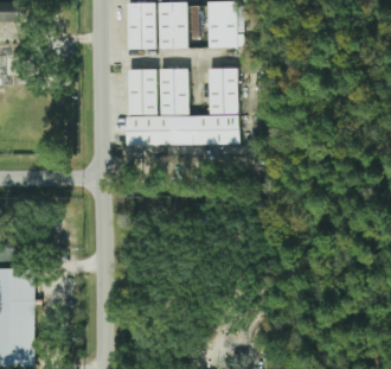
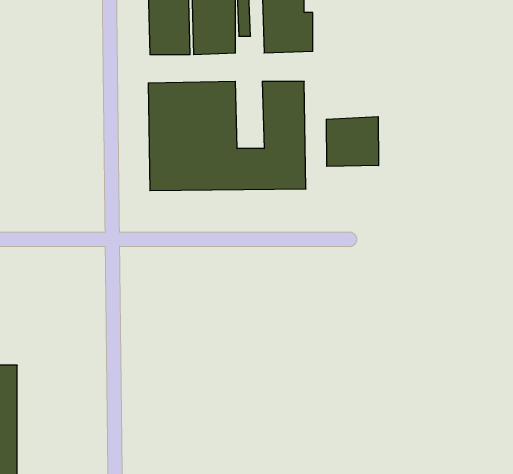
building: none -> [326,117,378,166]

